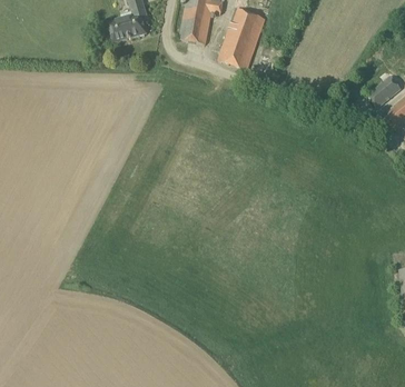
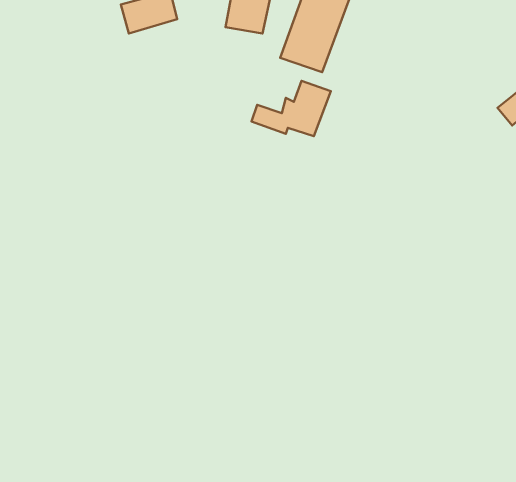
building: none -> [252,81,331,136]

